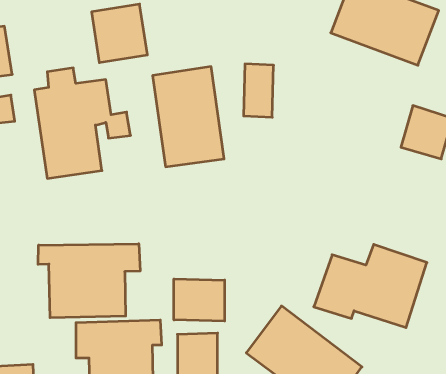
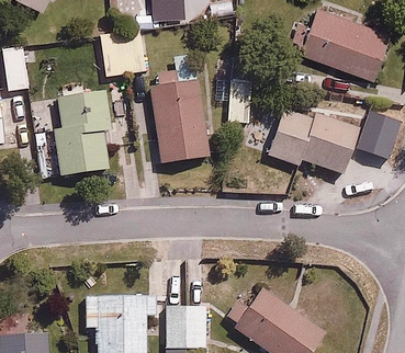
building: [38,244,140,318] -> none
building: [314,244,427,328] -> [267,104,362,174]
building: [174,279,225,321] -> none

